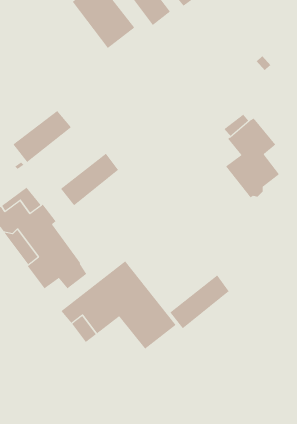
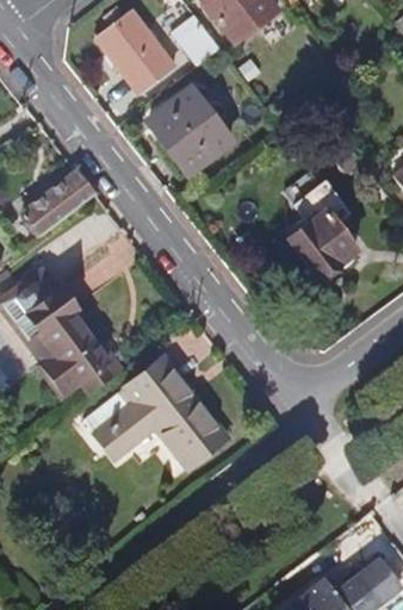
building: none -> [149,88,230,172]
building: [60,153,119,206] -> none
building: [169,275,229,329] -> none

